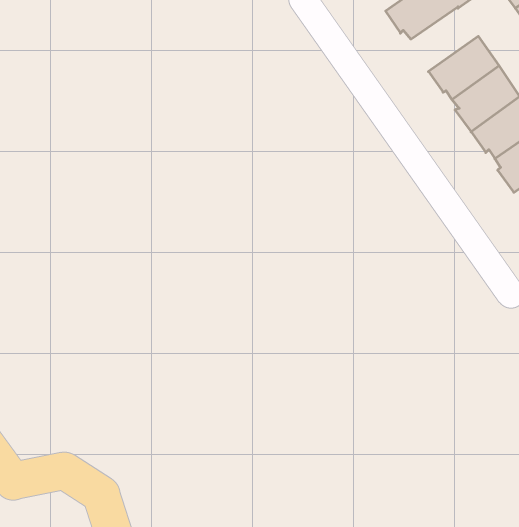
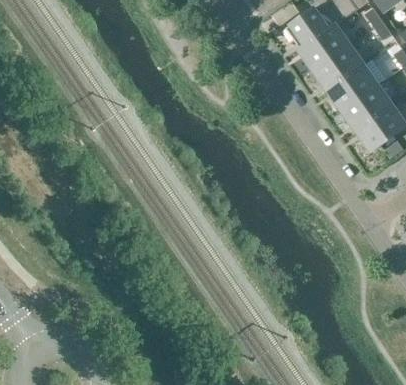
building: none -> [302,25,348,69]

